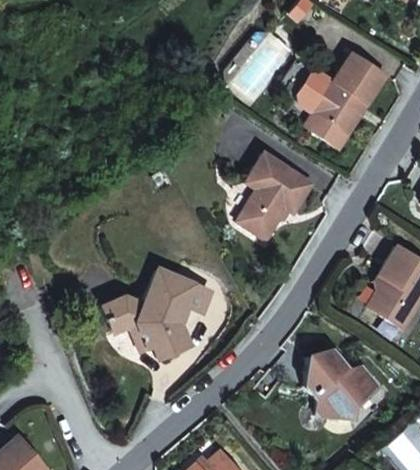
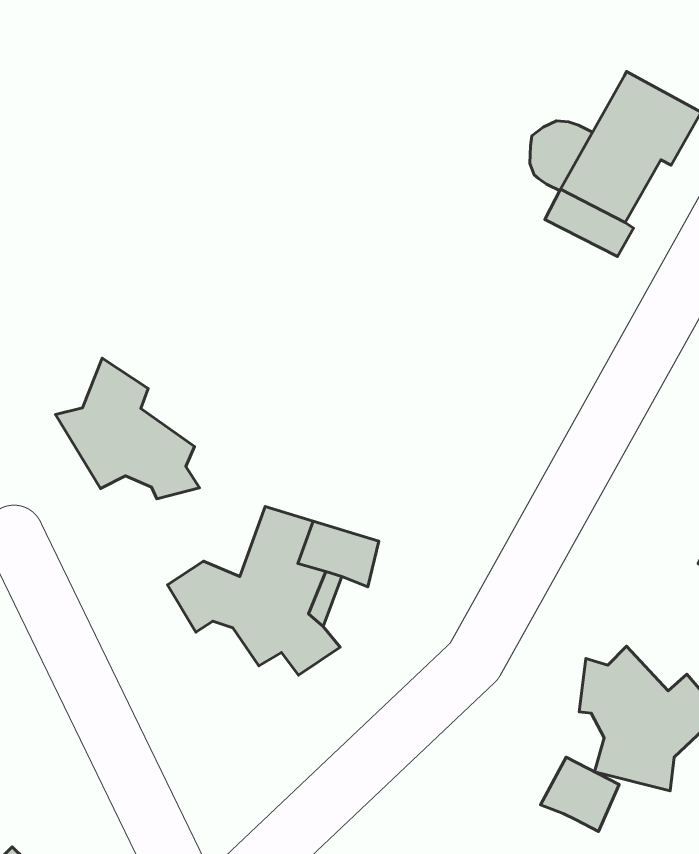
building: [238,154,315,240] -> none
building: none -> [56,358,200,499]
building: none -> [541,757,619,832]

